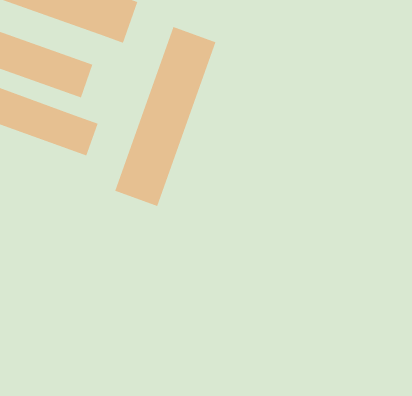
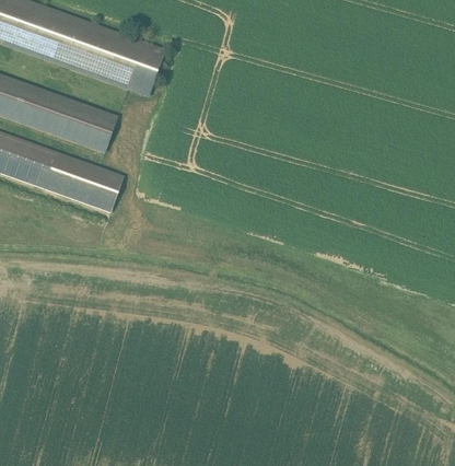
building: [114,26,216,207] -> none

